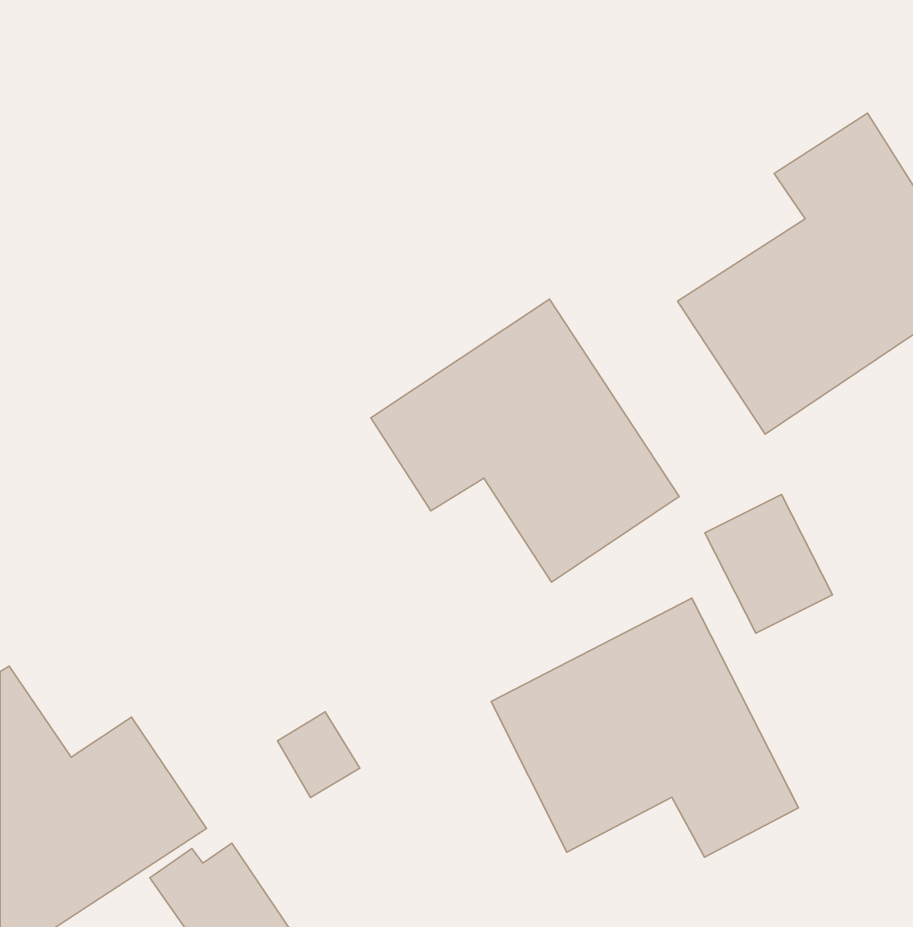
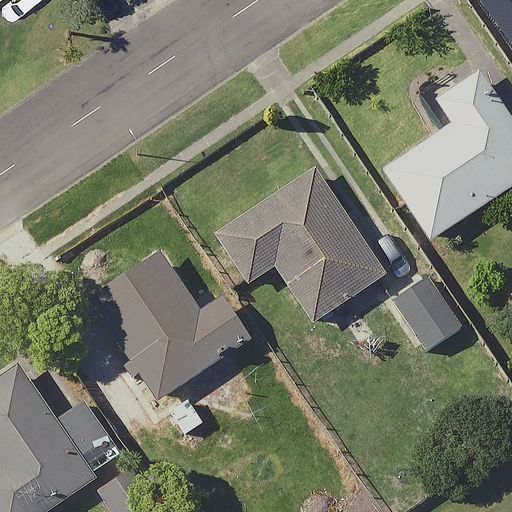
building: none -> [90,253,251,401]
building: [491,598,798,857] -> none

